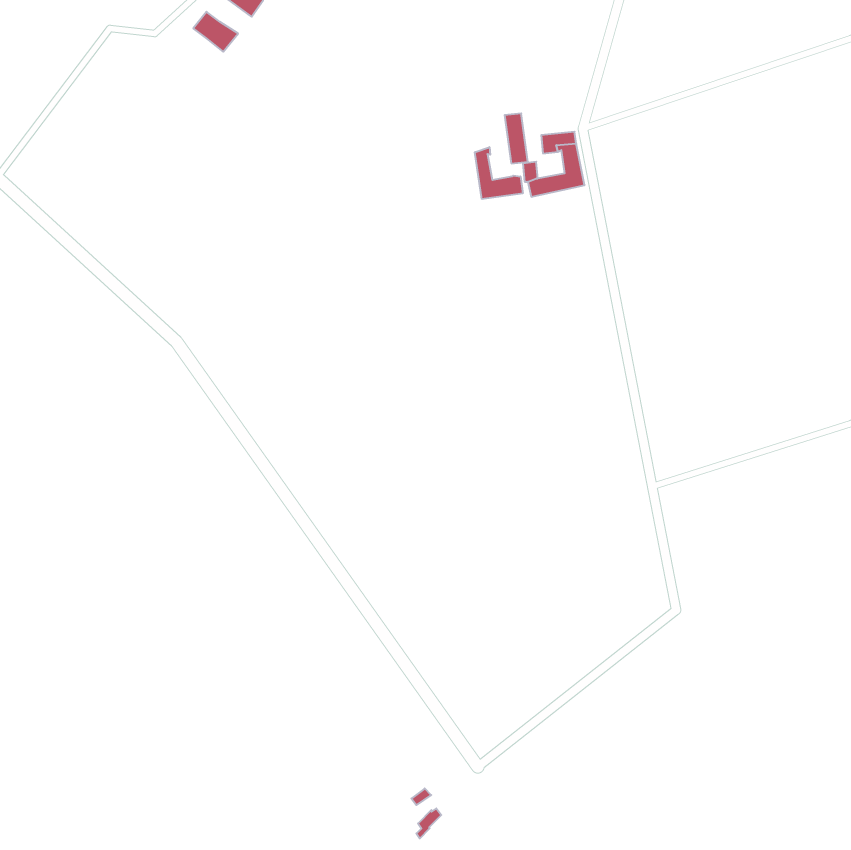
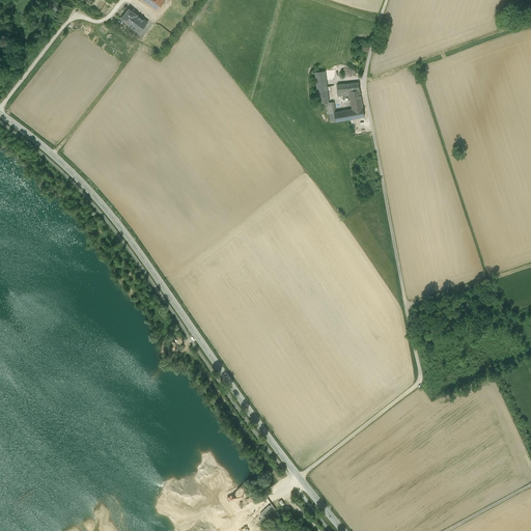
building: [475,147,523,199] -> none

